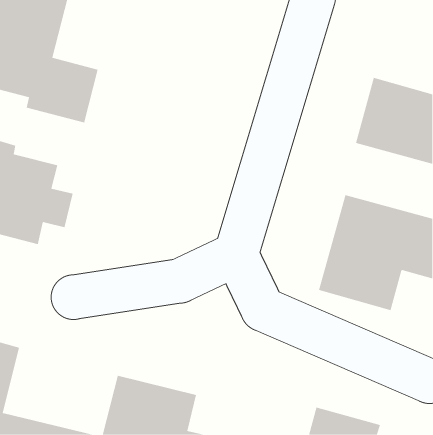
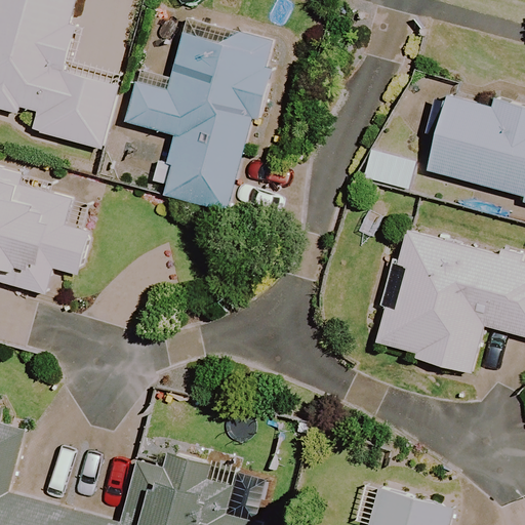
building: none -> [122,5,276,212]

